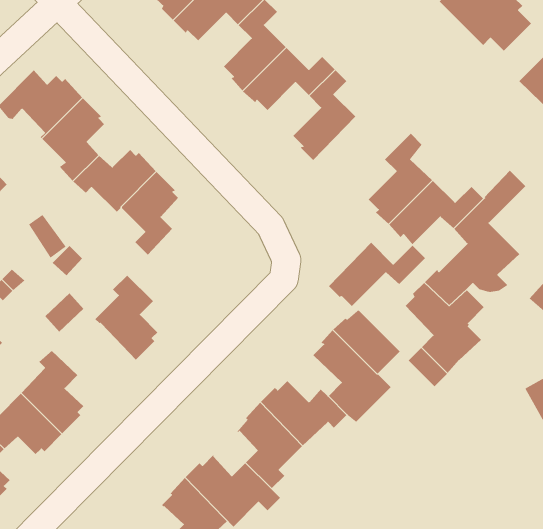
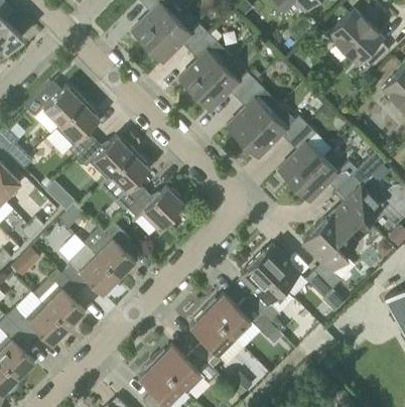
building: none -> [128,186,183,232]
building: [328,242,426,307] -> [241,114,307,158]
building: none -> [62,255,120,294]

